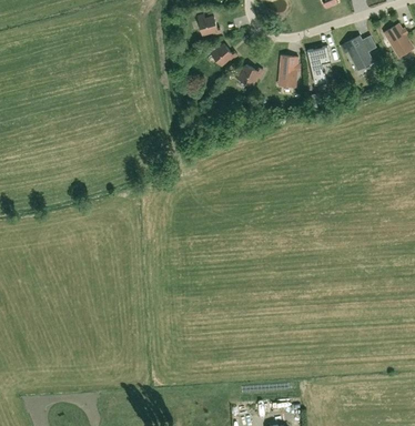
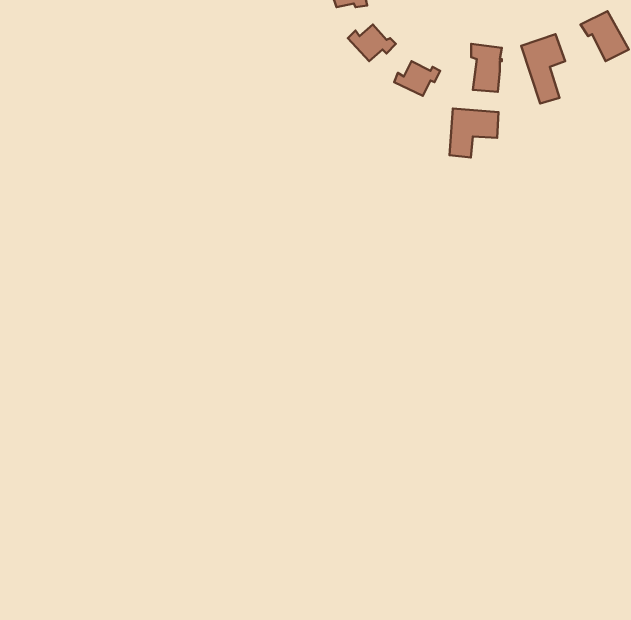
building: none -> [449,109,499,157]

